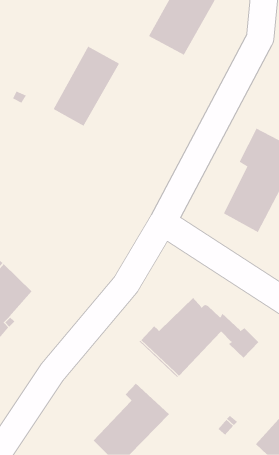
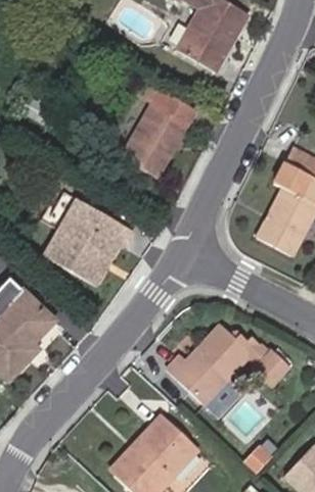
building: [53,46,120,127] -> [122,91,192,176]
building: none -> [43,197,130,283]

